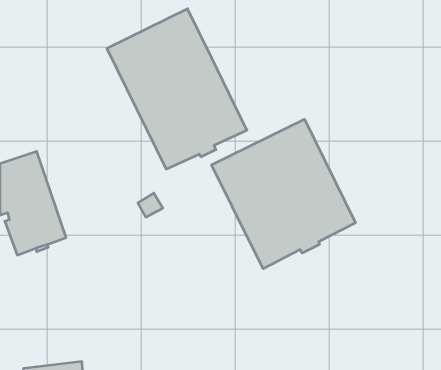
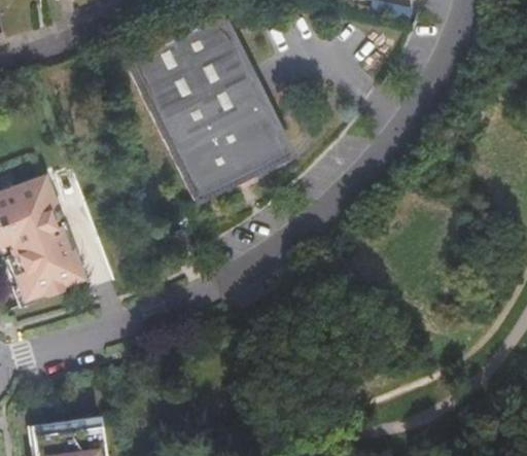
building: [212,119,355,269] -> none

